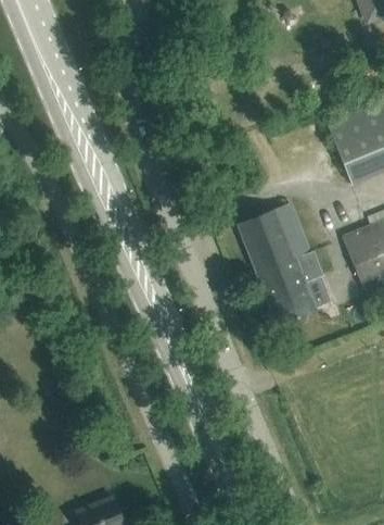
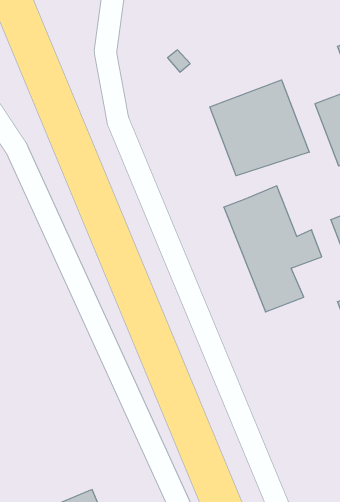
building: none -> [210,80,309,176]

